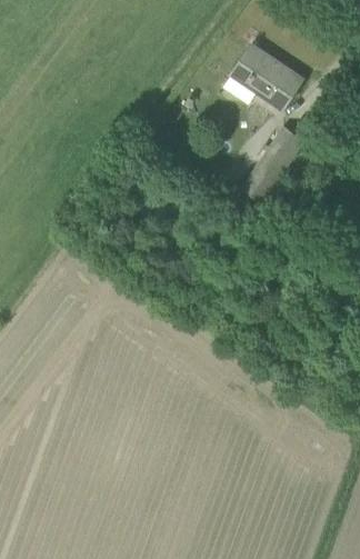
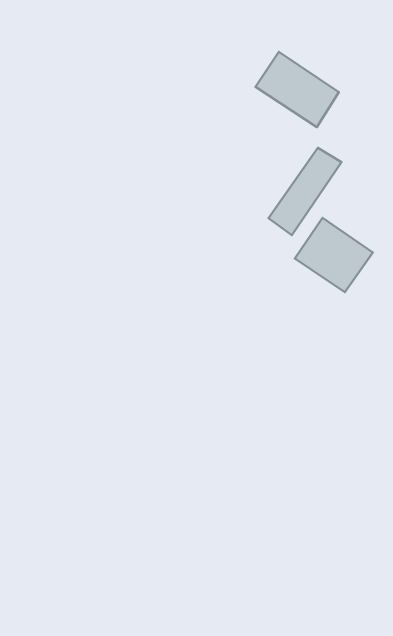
building: none -> [295,218,373,292]

